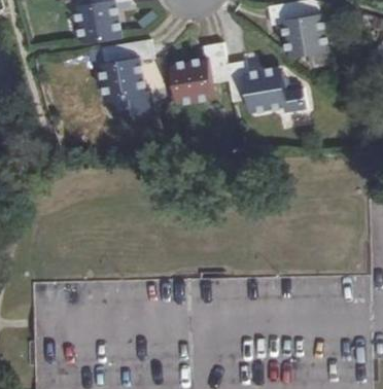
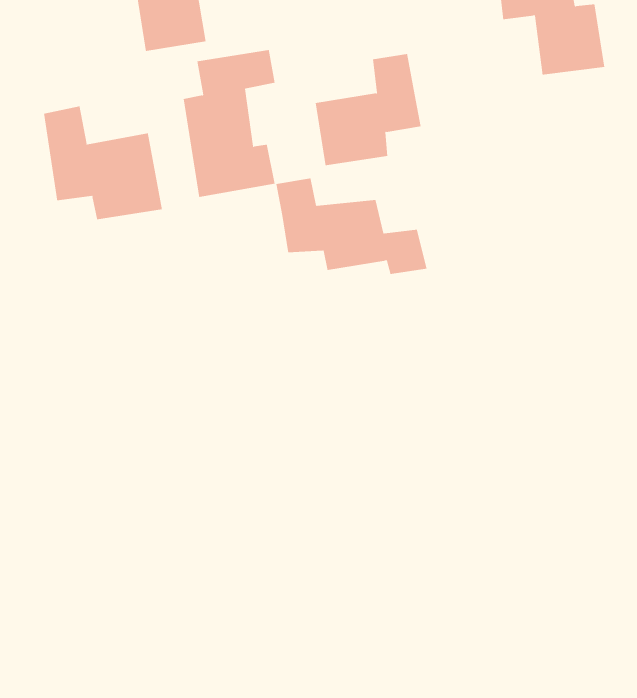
building: [228,61,307,111] -> [276,178,427,275]
building: none -> [44,105,162,220]

